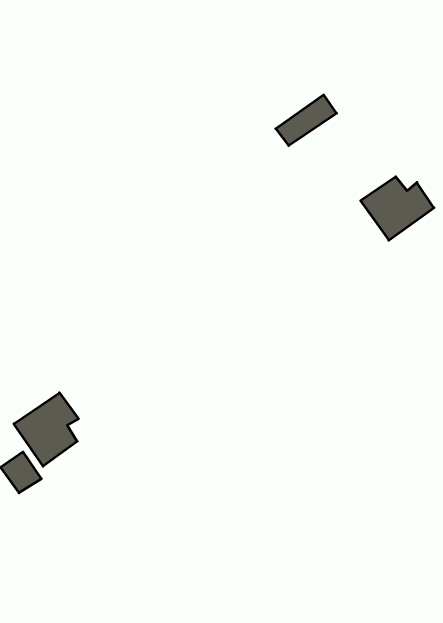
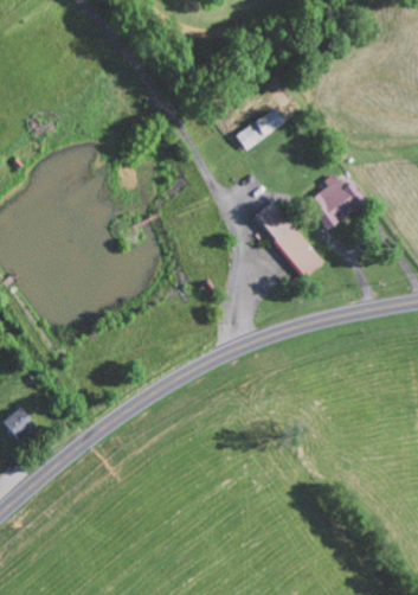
building: none -> [255,200,323,279]
building: [14,393,78,466] -> none

